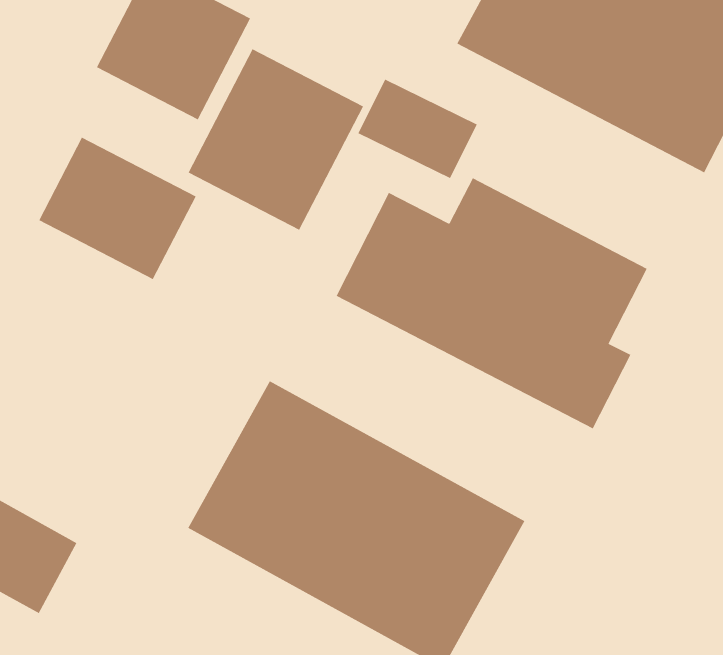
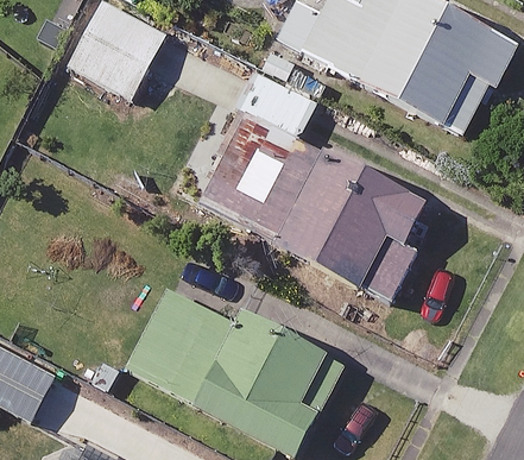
building: [188,48,364,231] -> none
building: [38,136,197,280] -> none

